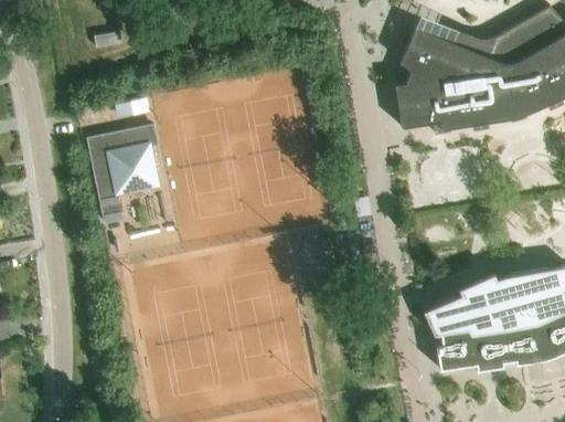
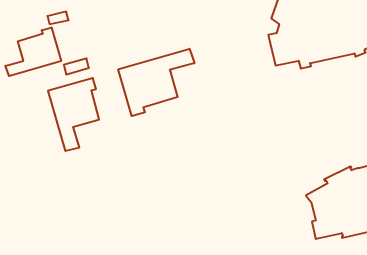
building: none -> [5,27,61,76]
building: none -> [118,49,194,116]

